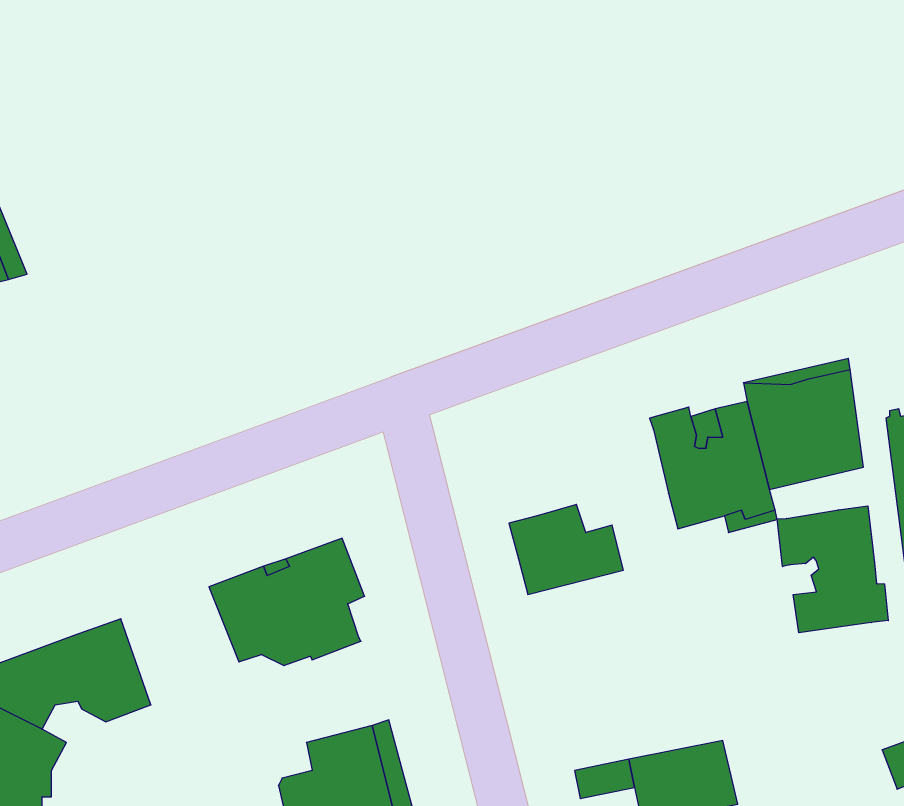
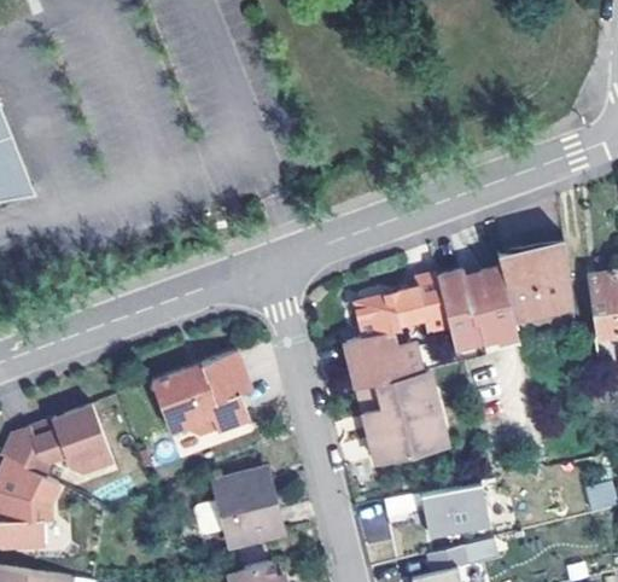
building: none -> [355,275,447,338]
building: [777,506,888,633] -> none
building: none -> [356,373,448,468]

